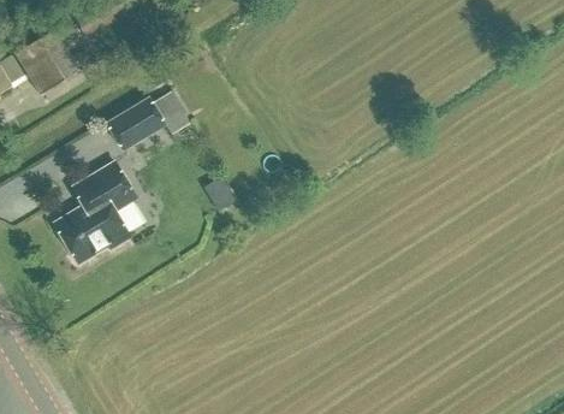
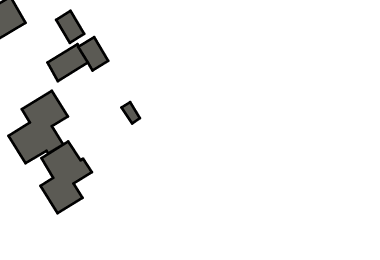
building: none -> [56,11,84,43]
building: none -> [40,142,92,213]

